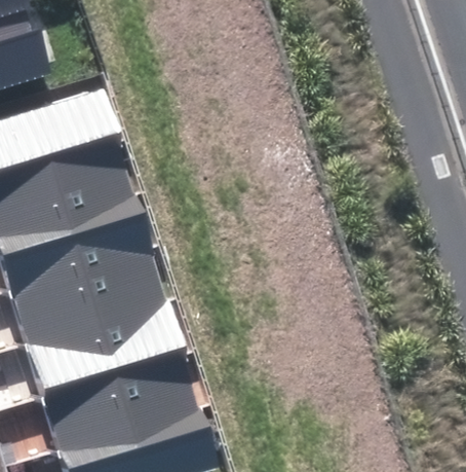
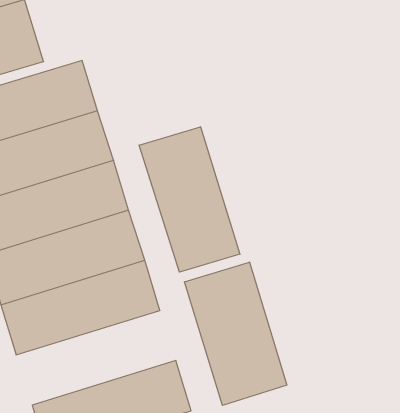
building: none -> [139,127,240,272]
building: none -> [184,262,287,405]
building: [28,360,201,463] -> none

